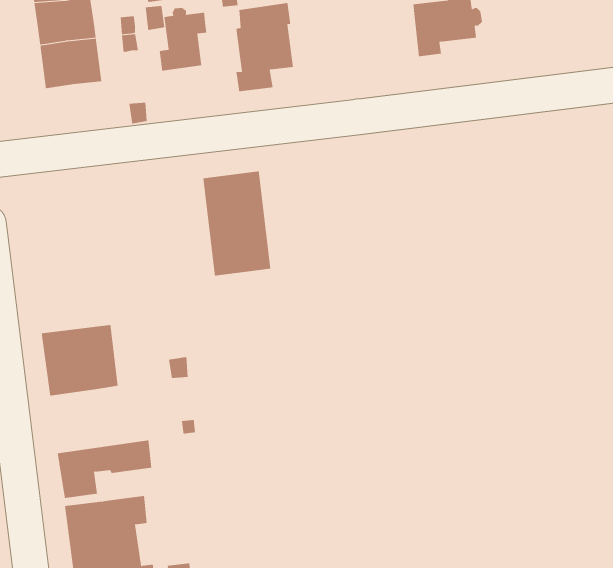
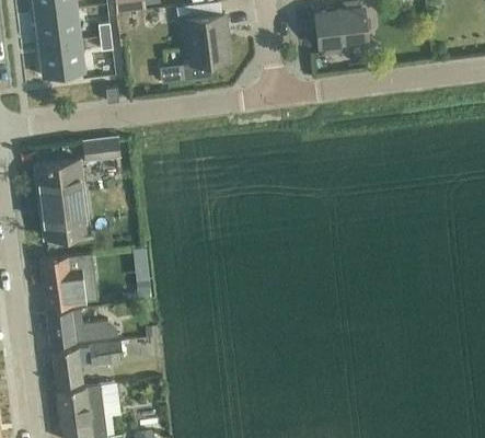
building: [159,7,207,71] -> none
building: none -> [82,138,120,162]
building: [203,171,271,276] -> [36,159,88,238]
building: none -> [47,309,117,344]

